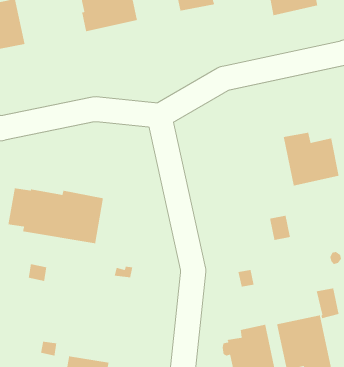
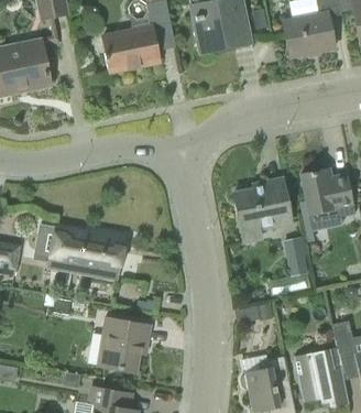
building: none -> [232,178,291,241]
building: none -> [101,317,150,372]

